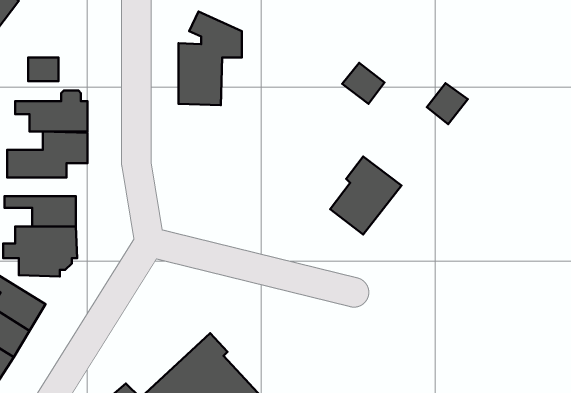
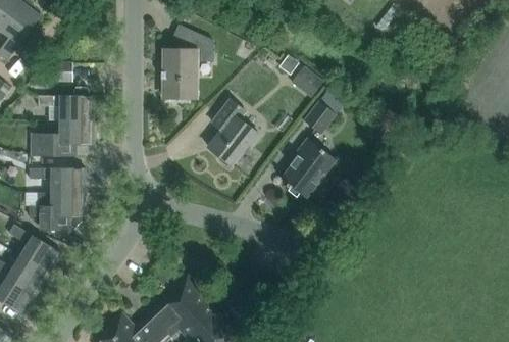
building: [427,83,468,124] -> [304,102,336,134]
building: none -> [208,100,260,166]

